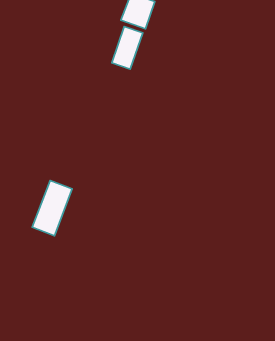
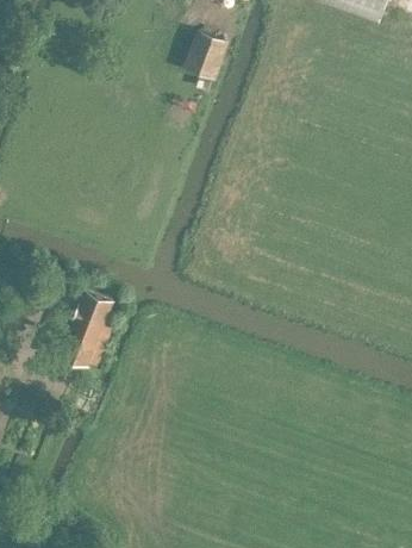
building: [112,27,143,69] -> none

